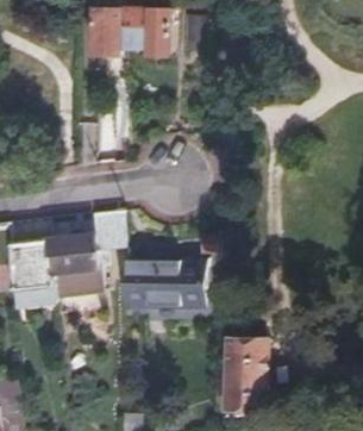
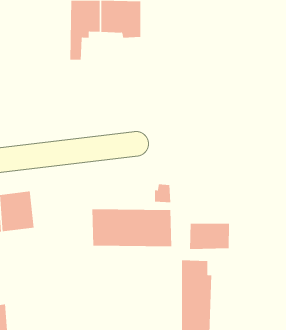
building: [44,213,117,296] -> none
building: none -> [190,223,230,250]

